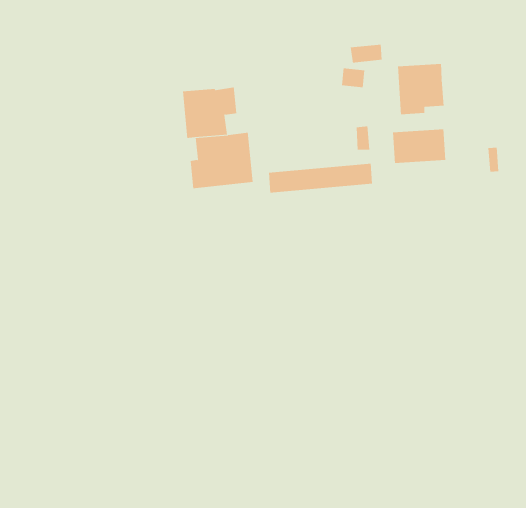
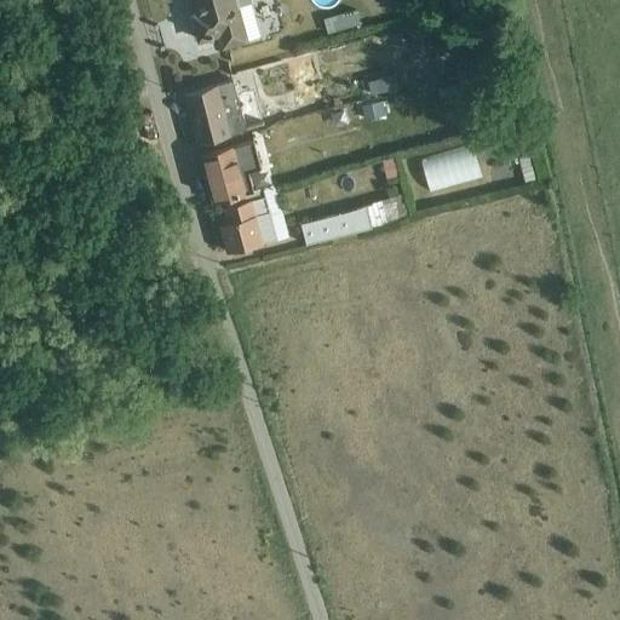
building: none -> [184,82,263,143]
building: [398,63,444,115] -> none

